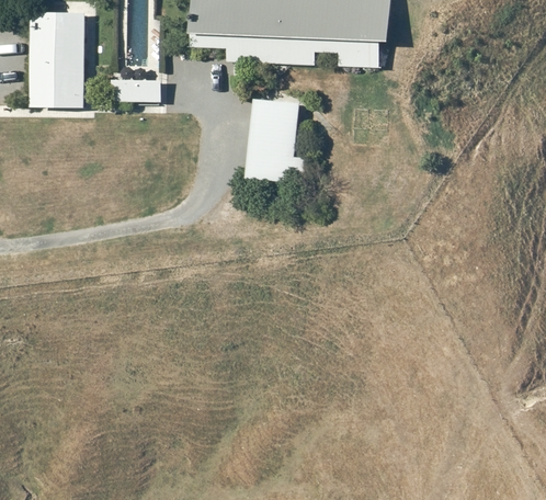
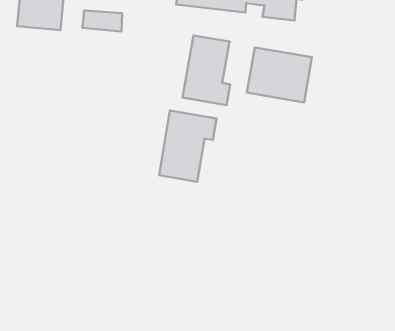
building: none -> [247,47,312,102]
building: none -> [159,110,216,182]

